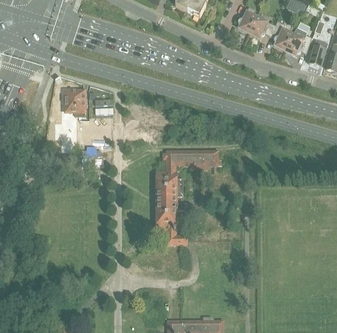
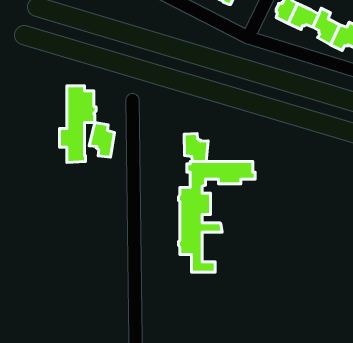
building: none -> [89,123,114,157]
building: none -> [184,134,208,161]

